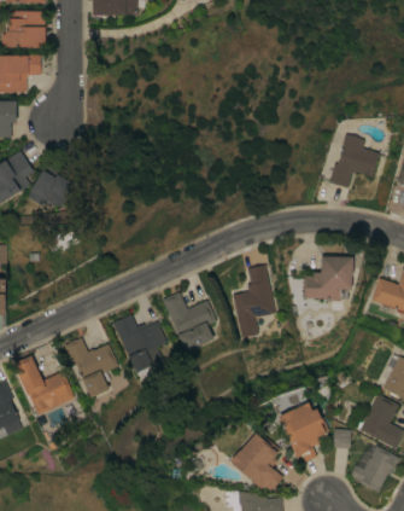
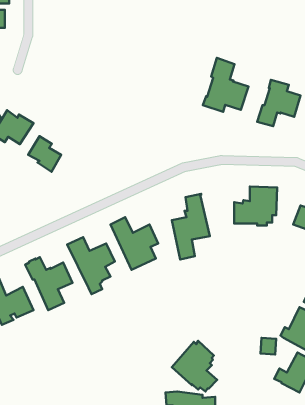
building: none -> [203,58,248,112]
building: none -> [28,136,61,172]
building: [280,402,329,464] -> none

